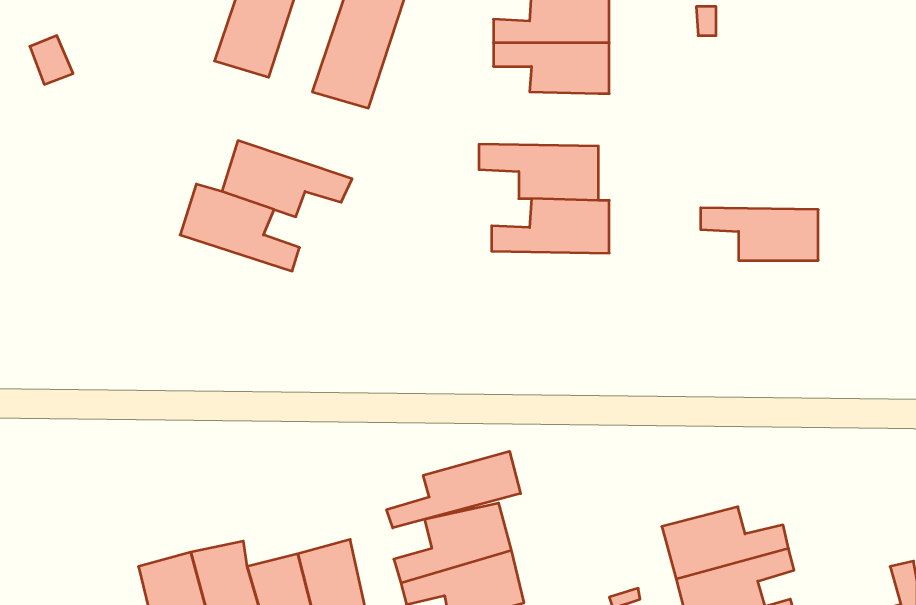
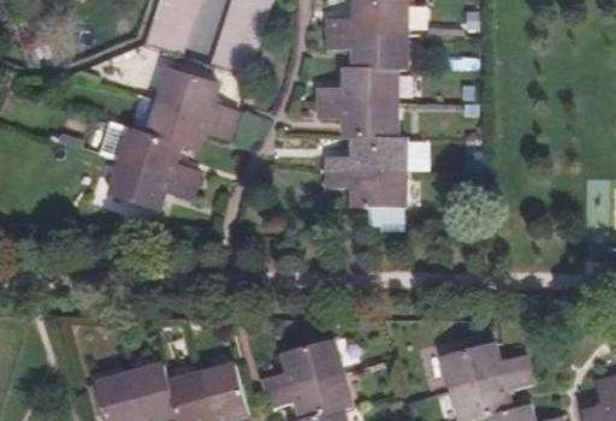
building: none -> [319,66,398,102]
building: none -> [159,67,238,124]
building: [701,208,818,260] -> [327,172,405,207]
building: none -> [109,161,195,209]
building: [387,451,521,528] -> none

